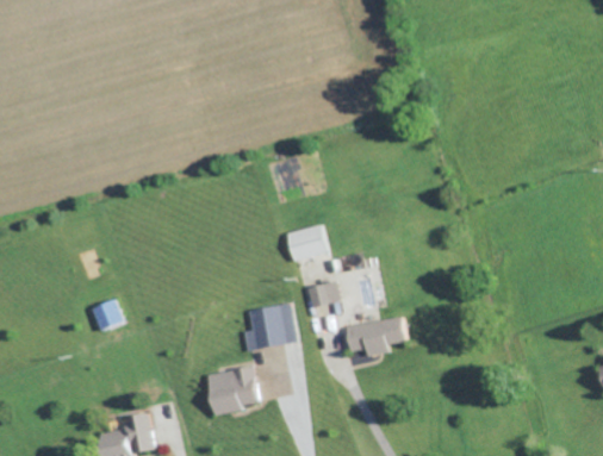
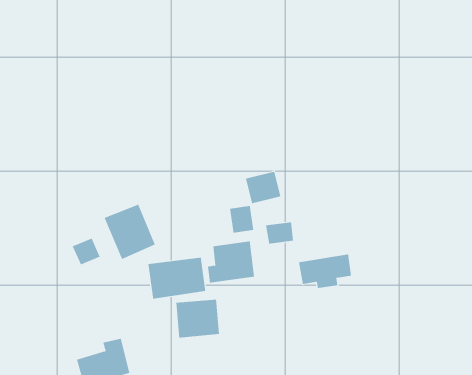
building: none -> [104,204,156,260]
building: none -> [230,205,254,233]
building: none -> [148,257,206,299]

